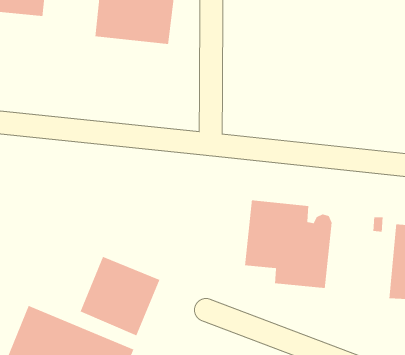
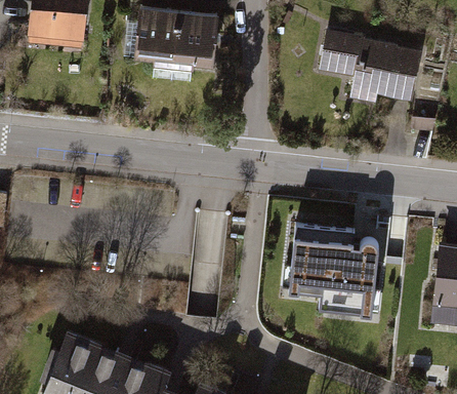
building: none -> [318,29,421,104]
building: [79,256,161,336] -> none

